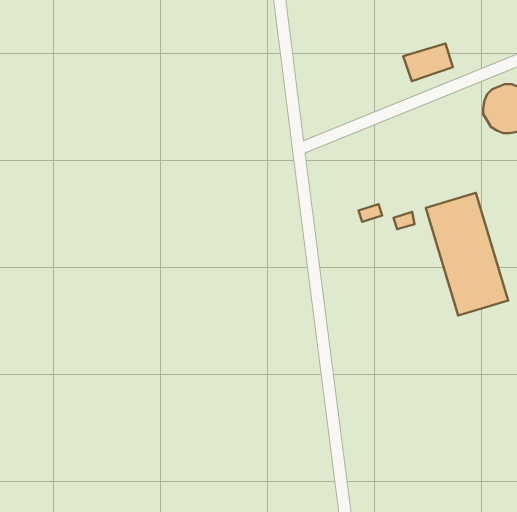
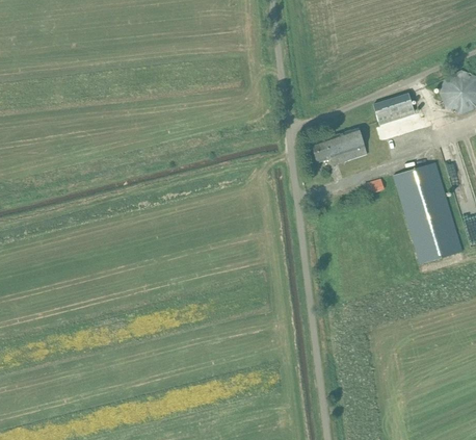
building: [403,44,453,81] -> [372,94,414,125]
building: none -> [310,128,367,165]

